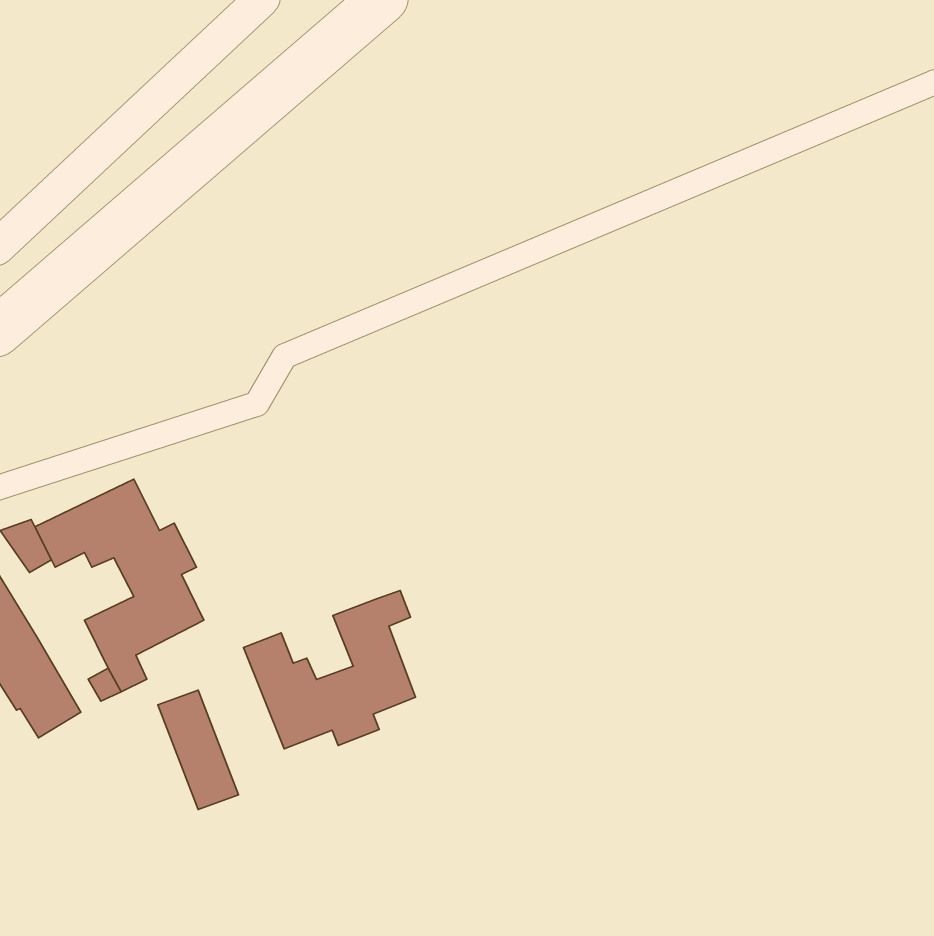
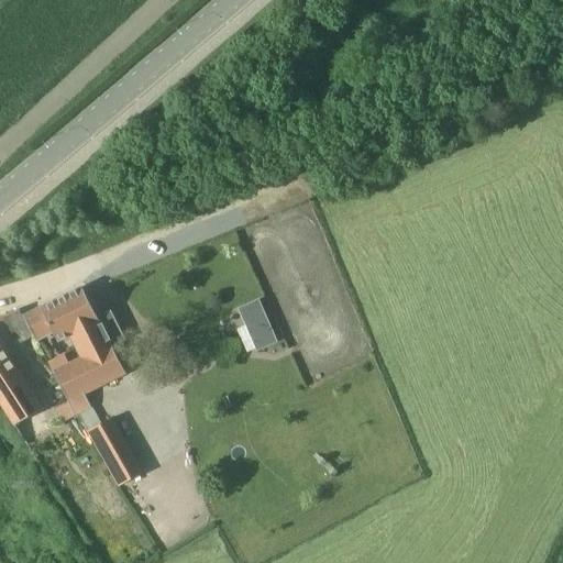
building: none -> [236,299,275,350]
building: [244,590,415,749] -> none

